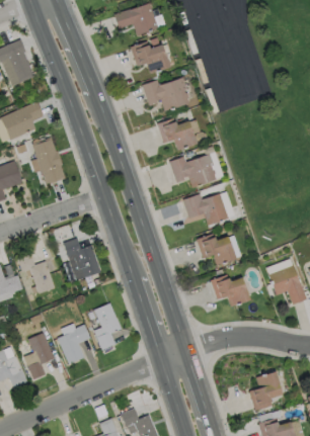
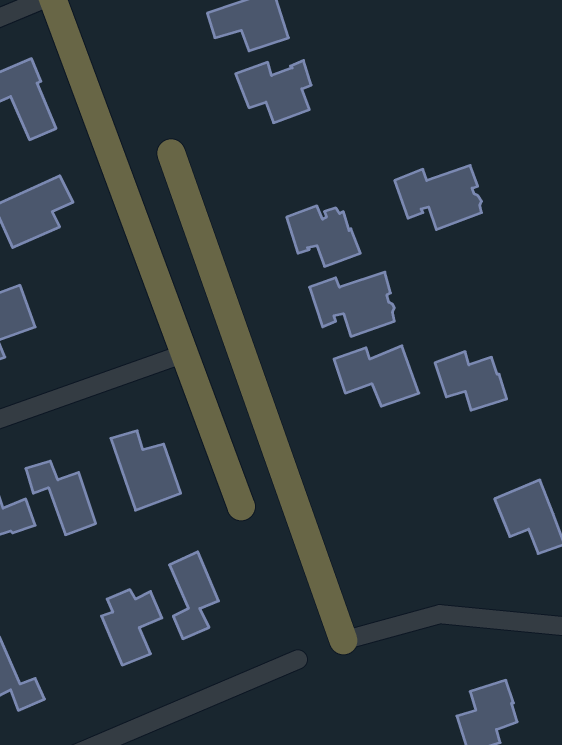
building: [142,77,188,111] -> [395,165,482,230]
building: [31,137,65,184] -> none
building: [197,233,235,264] -> [435,352,507,410]
building: [210,274,249,306] -> none
building: [27,332,55,378] -> none

